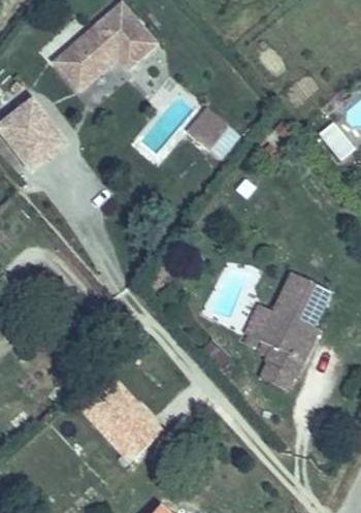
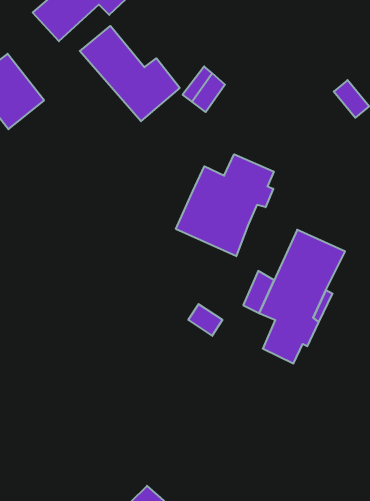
building: none -> [80,26,180,121]
building: none -> [176,154,274,256]

